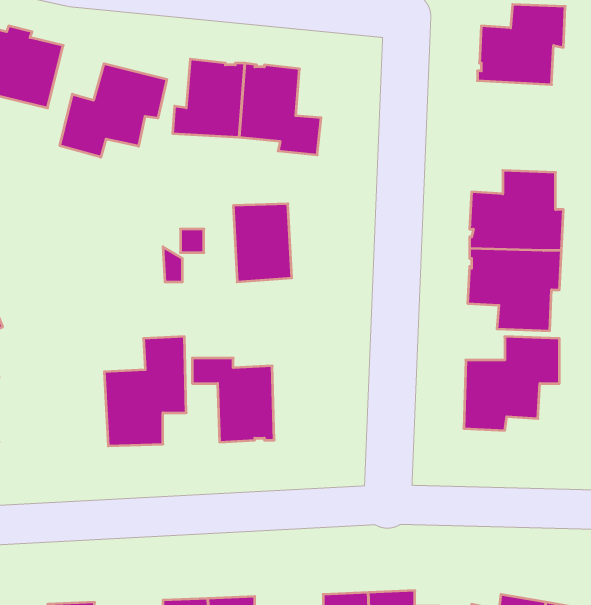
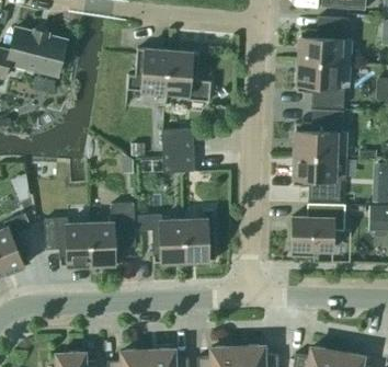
building: [60,64,167,157] -> none
building: none -> [296,60,344,107]
building: none -> [183,210,215,262]
building: none -> [44,219,91,266]

